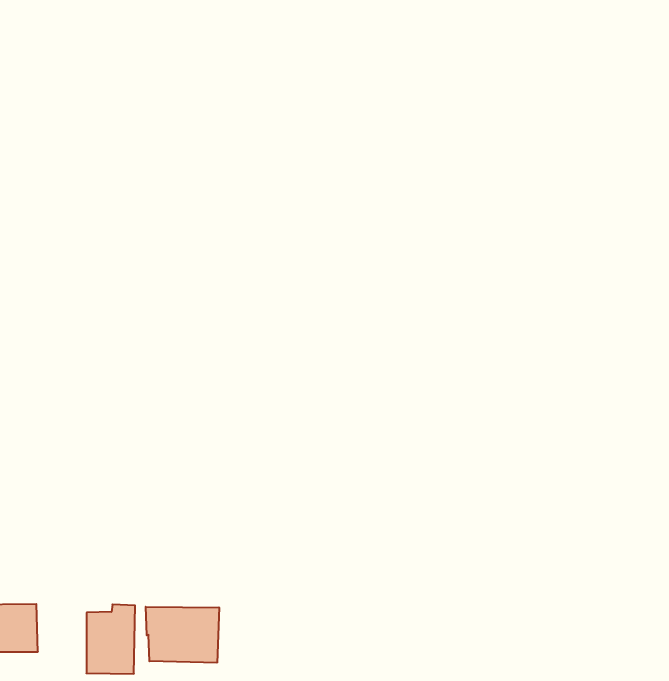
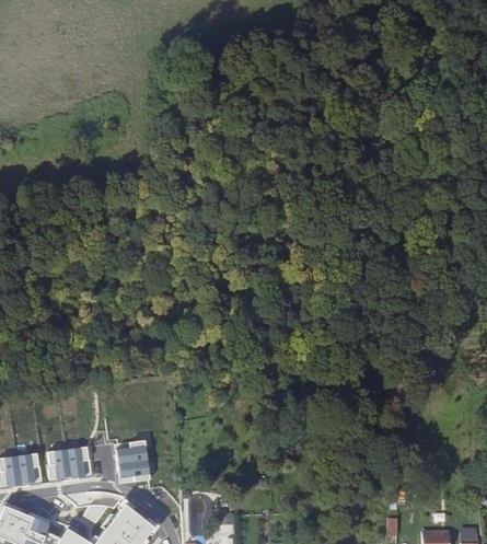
building: [146,607,219,663] -> none

